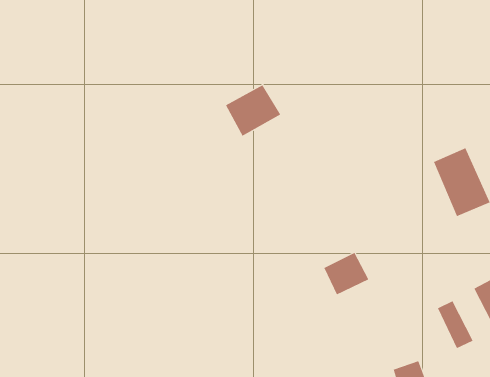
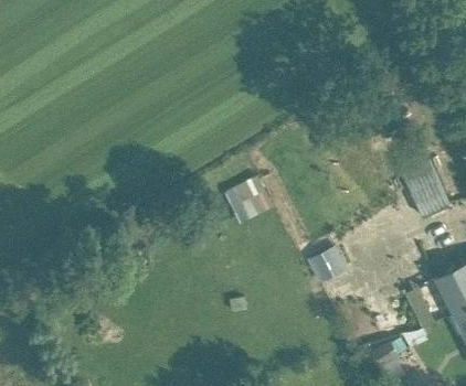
building: [225,84,281,137] -> [226,180,274,224]

